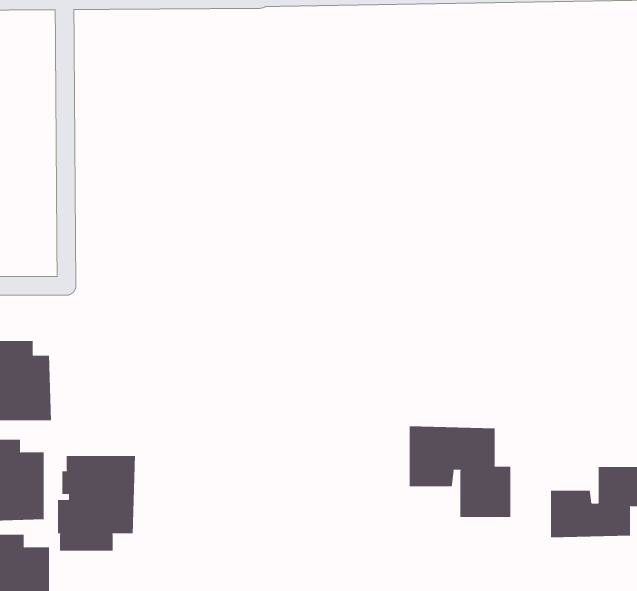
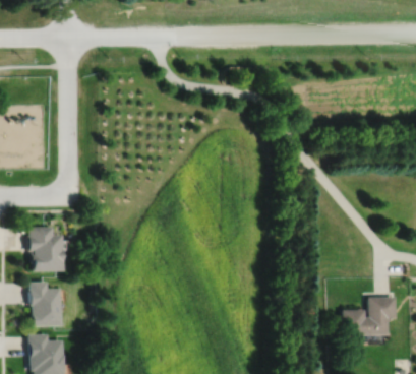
building: [409,425,511,518] -> none
building: [57,455,135,552] -> none

